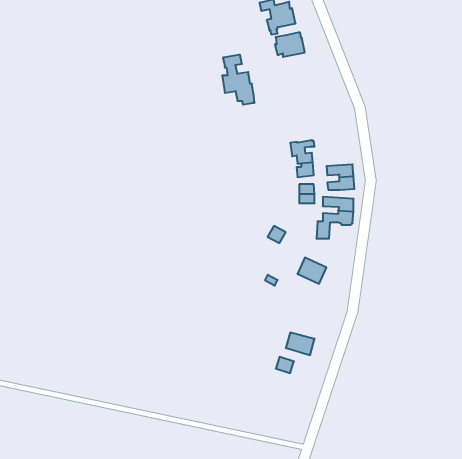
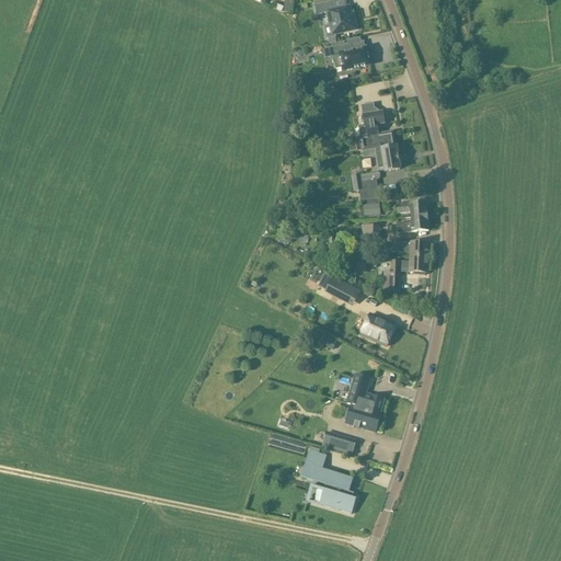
building: [222,55,255,105] -> [360,110,400,170]
building: none -> [347,373,385,411]
building: none -> [301,461,356,512]

